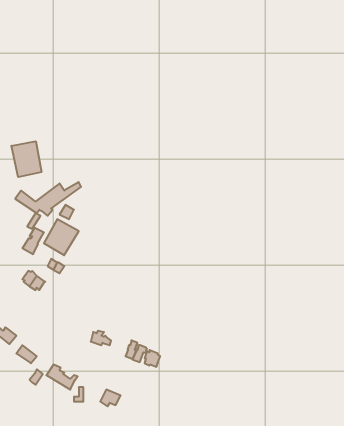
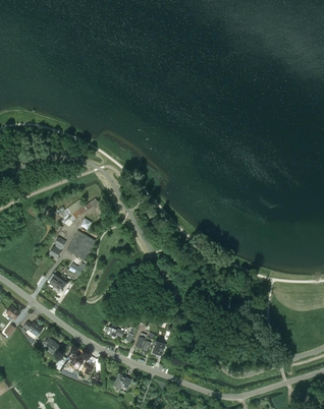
building: [11,141,41,177] -> none

